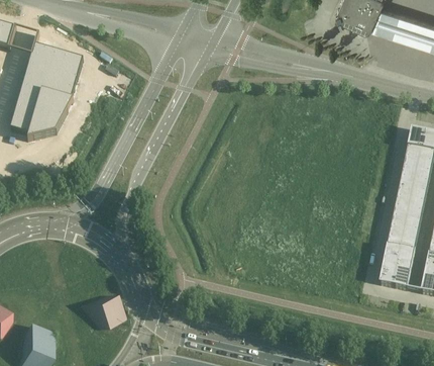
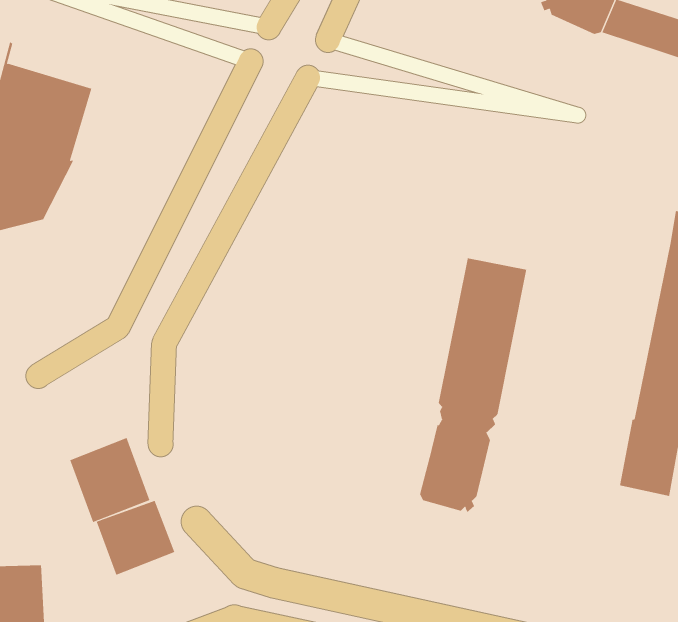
building: none -> [419,258,527,513]
building: none -> [70,437,150,523]

